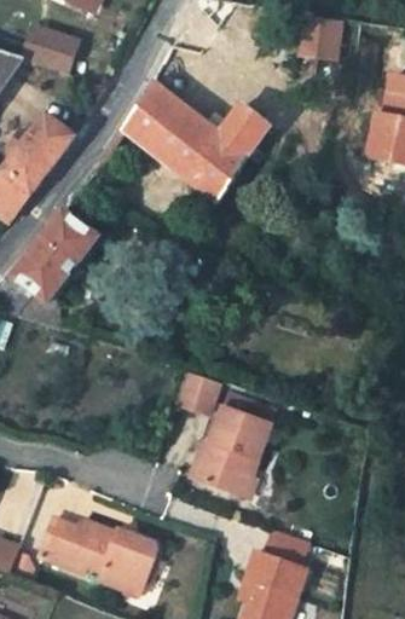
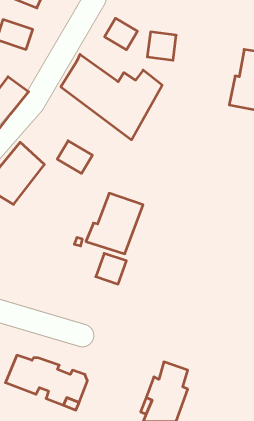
building: [306,16,348,57] -> [147,32,176,60]
building: none -> [105,18,137,50]
building: none -> [57,141,92,173]
building: [189,404,272,492] -> [86,193,143,254]

